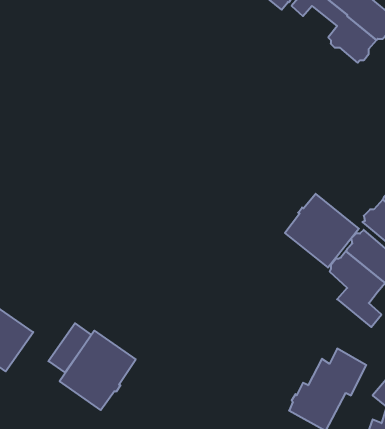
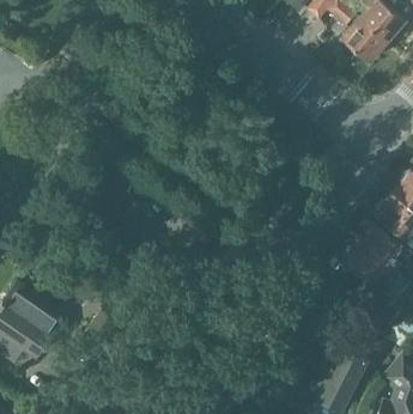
building: [285,194,359,268] -> none
building: [60,331,136,410] -> none

